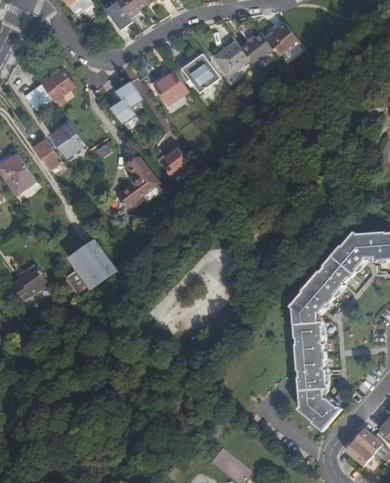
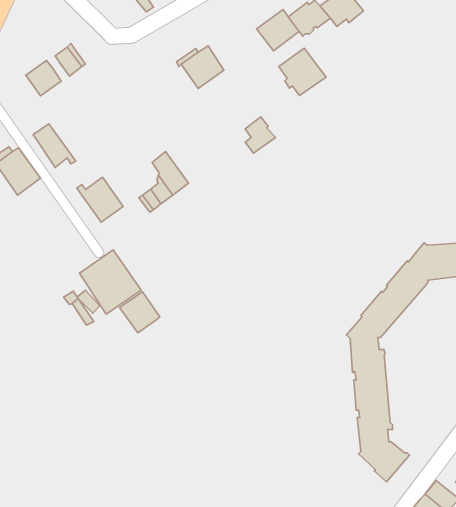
building: [180,54,219,93] -> [279,48,326,96]
building: [111,81,143,124] -> none
building: [46,121,84,158] -> [77,177,123,222]
building: [163,147,188,177] -> [245,117,275,153]
building: [12,265,47,301] -> none
building: none -> [119,292,160,333]

